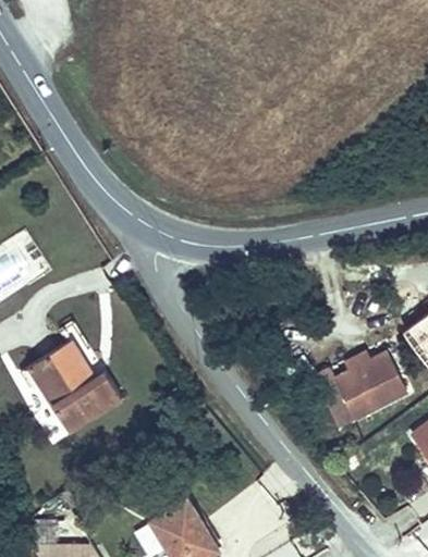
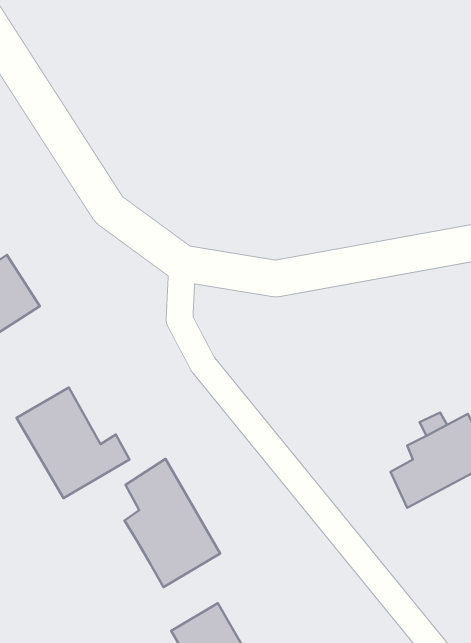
building: none -> [124,459,220,587]

